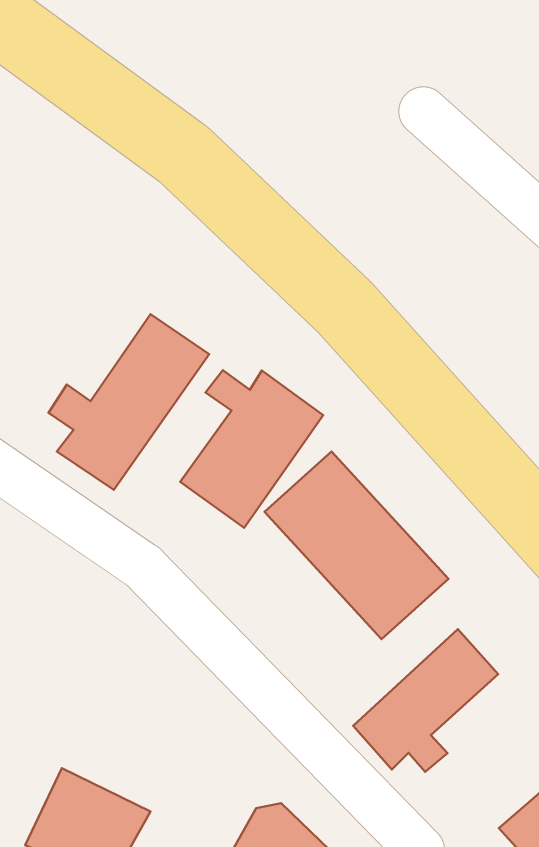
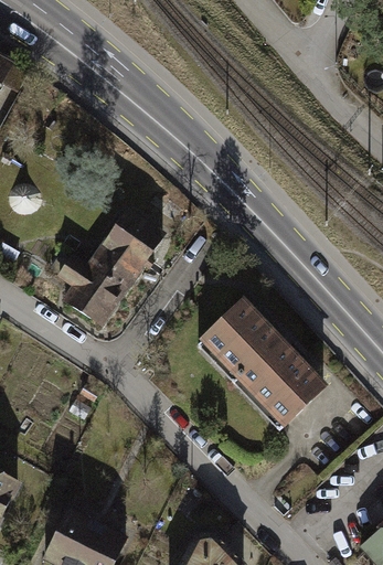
building: [180,370,323,528] -> none
building: [353,629,498,772] -> none

